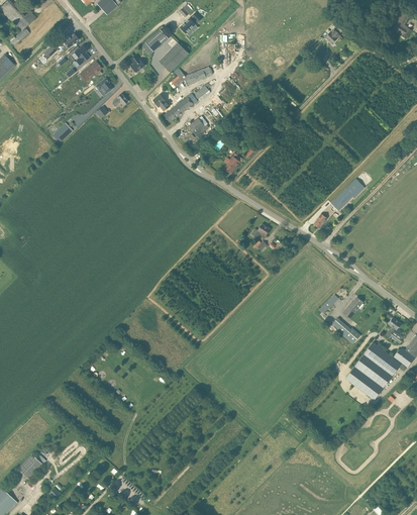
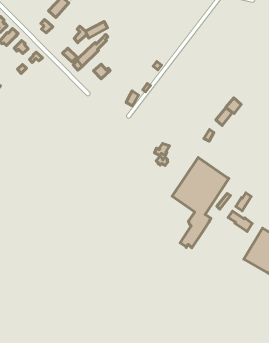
building: [160,42,189,72] -> none
building: none -> [172,157,229,248]

